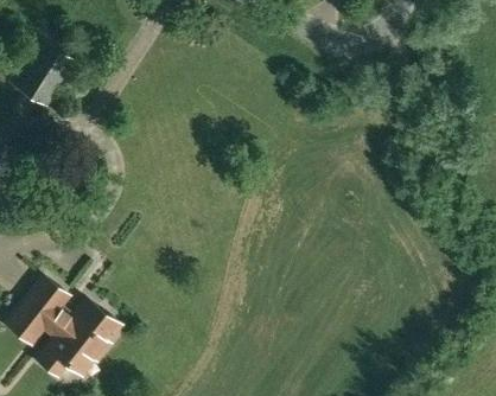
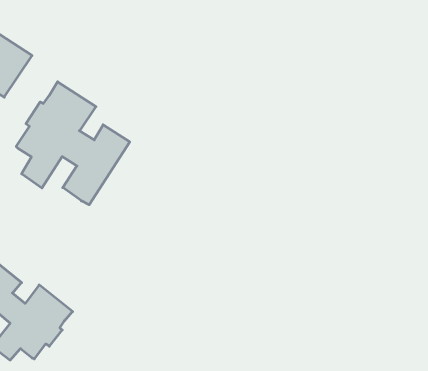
building: none -> [16,82,130,205]

